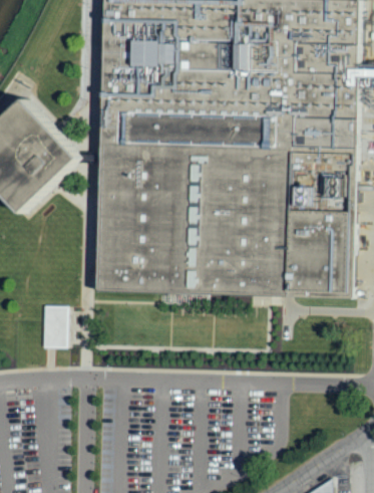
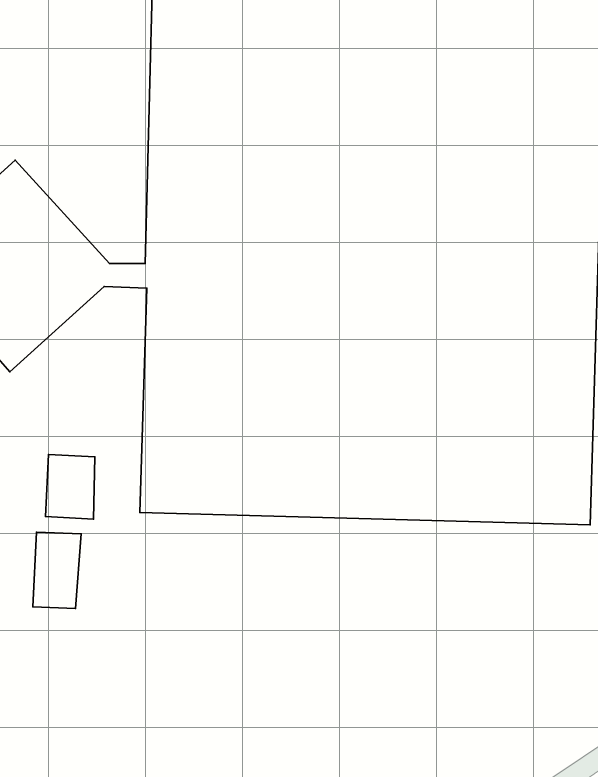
building: none -> [46,454,95,519]

